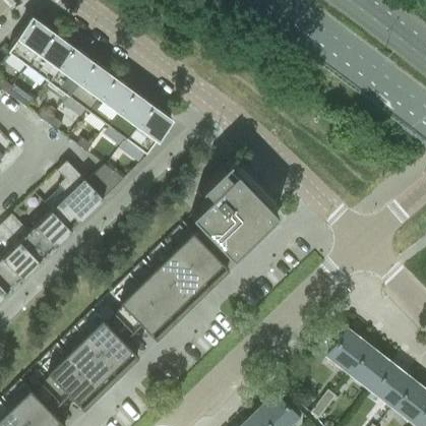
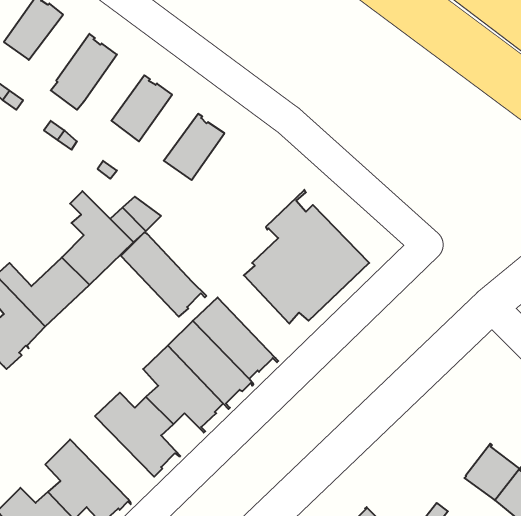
building: [27,32,72,80] -> none
building: [68,61,113,110] -> none
building: [109,90,153,139] -> none
building: [167,223,230,285] -> [121,233,206,317]
building: [58,327,121,388] -> none
building: [314,330,368,371] -> none

